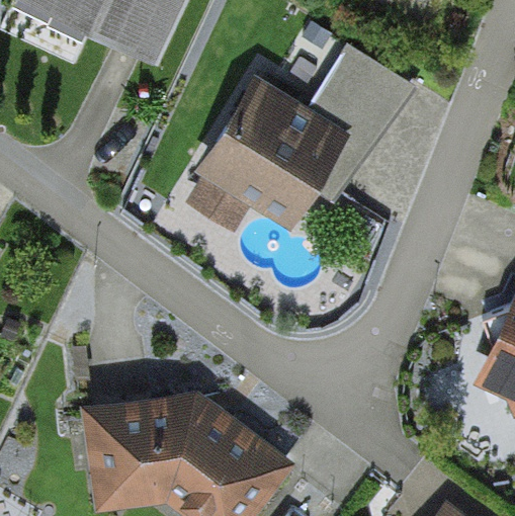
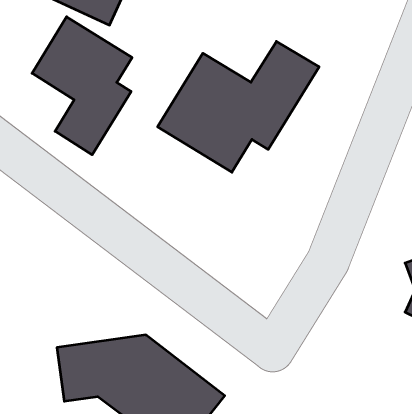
building: none -> [32,17,132,155]

